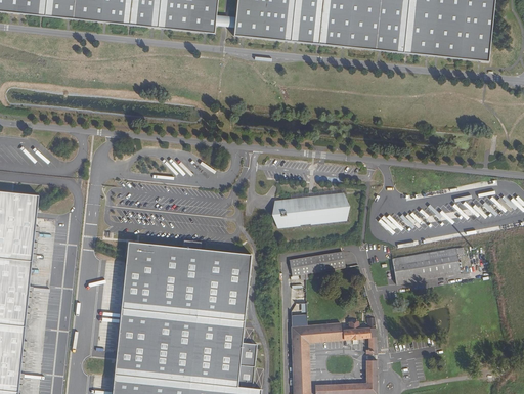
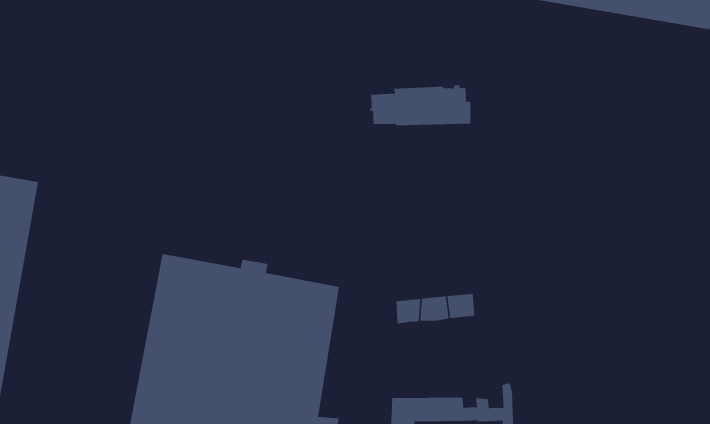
building: [274,193,345,225] -> [369,84,471,126]
building: [391,249,460,284] -> none

